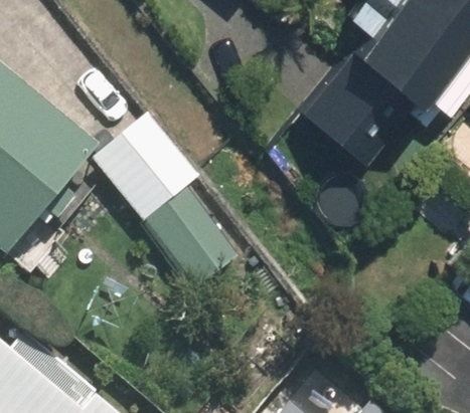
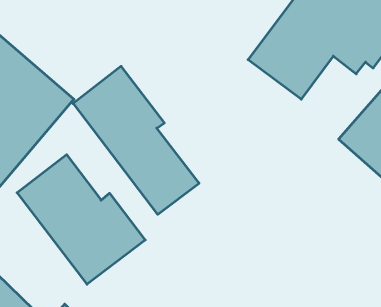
building: none -> [17,155,145,284]

